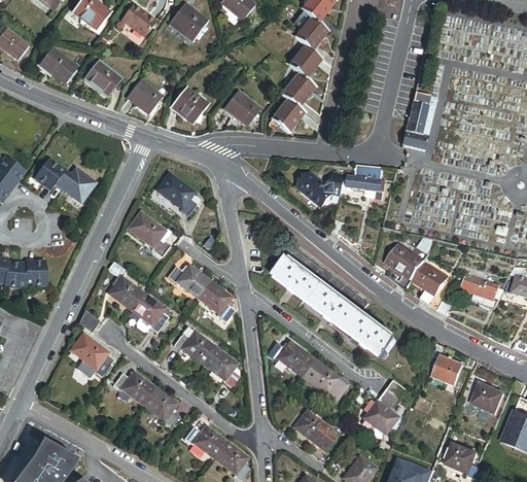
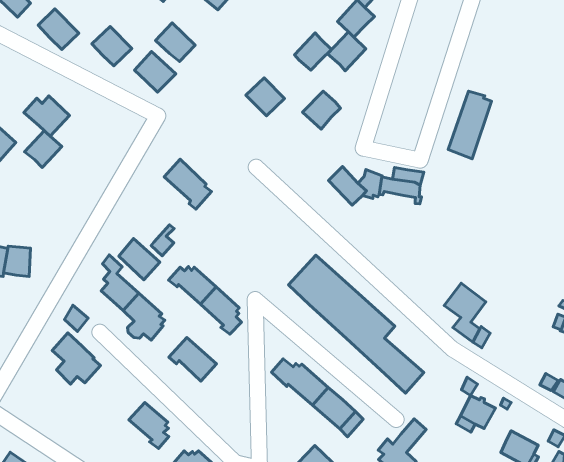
building: [284,78,316,111] -> [295,33,332,70]
building: [170,90,205,123] -> [155,23,195,61]
building: [55,168,95,203] -> [24,96,70,136]
building: [129,212,165,247] -> [119,239,160,280]
building: [384,242,423,289] -> none
building: [461,272,503,305] -> none
building: [204,348,238,387] -> none
building: [115,371,156,404] -> none

